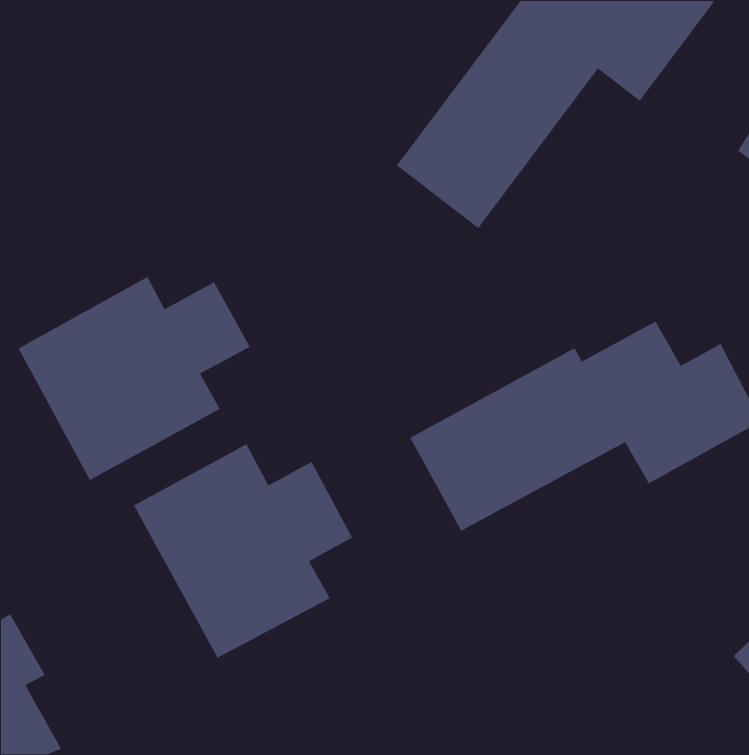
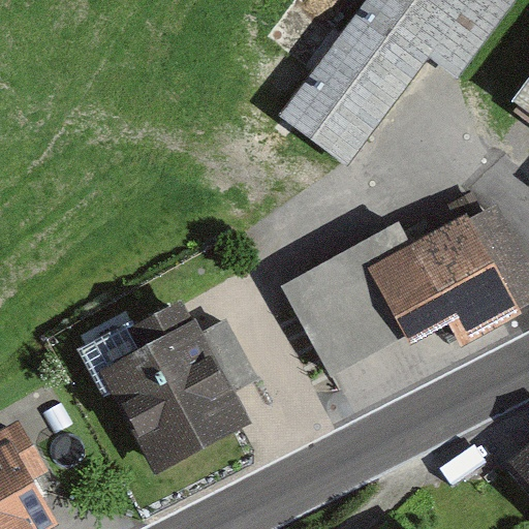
building: [18,276,251,481] -> none

